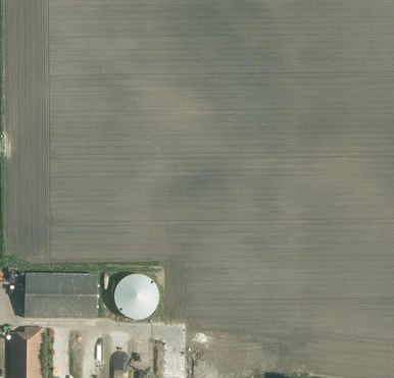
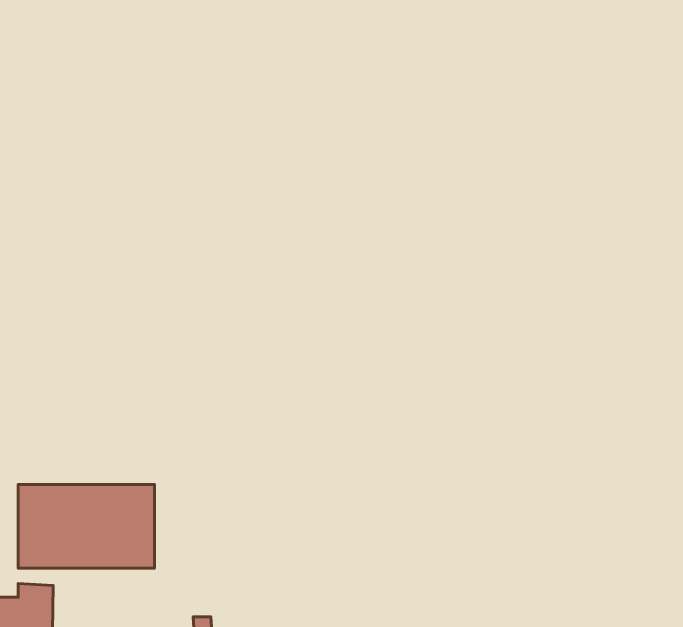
building: [113,273,160,319] -> none

